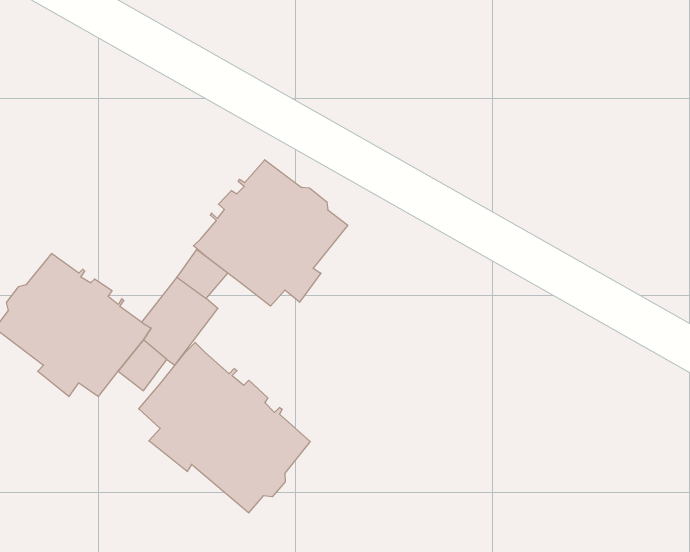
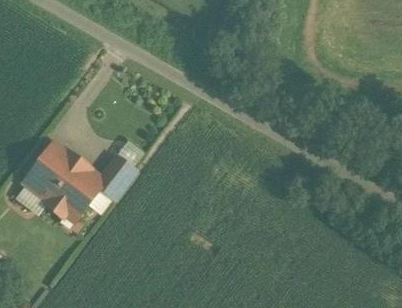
building: [193,160,348,306] -> none
building: [139,342,310,513] -> none

